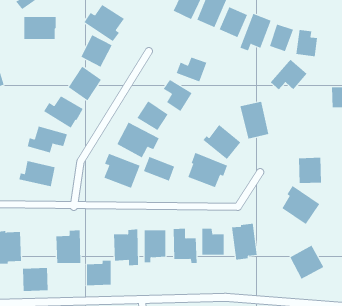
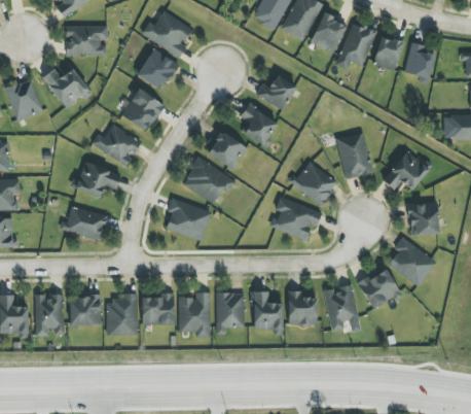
building: none -> [41,68,89,109]
building: [270,59,308,90] -> [382,150,429,189]
building: [143,156,175,181] -> none
building: [290,245,324,280] -> [358,267,401,310]
building: [86,260,112,286] -> [142,292,174,324]
building: [22,268,49,291] -> [69,296,102,325]

